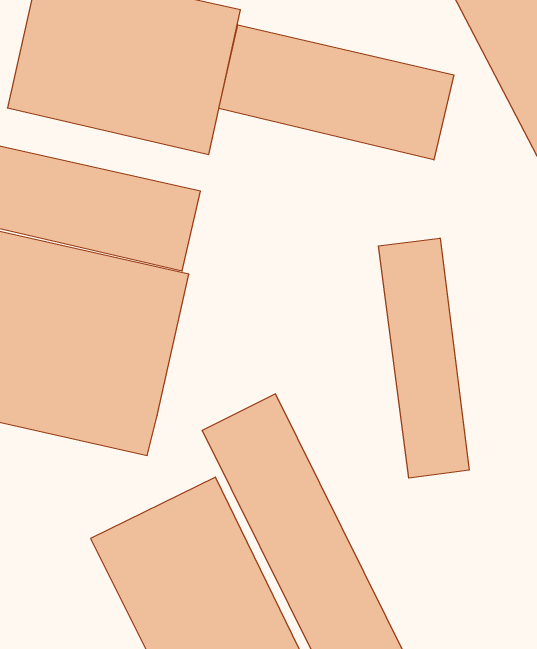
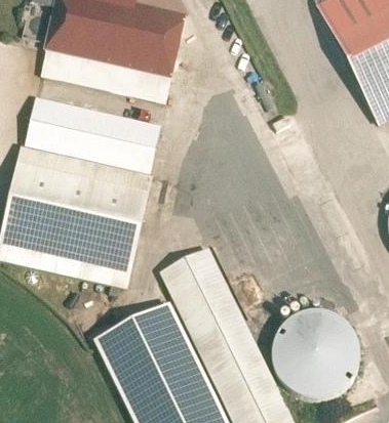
building: [219,25,454,160] -> none
building: [379,238,469,478] -> none
building: none -> [271,307,358,395]

